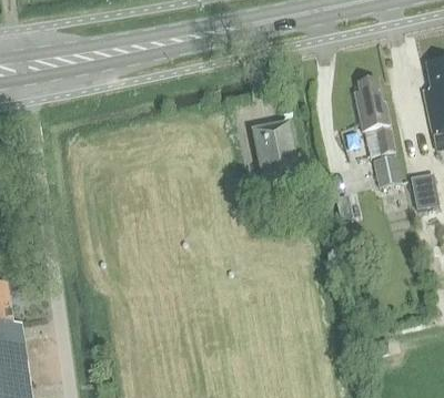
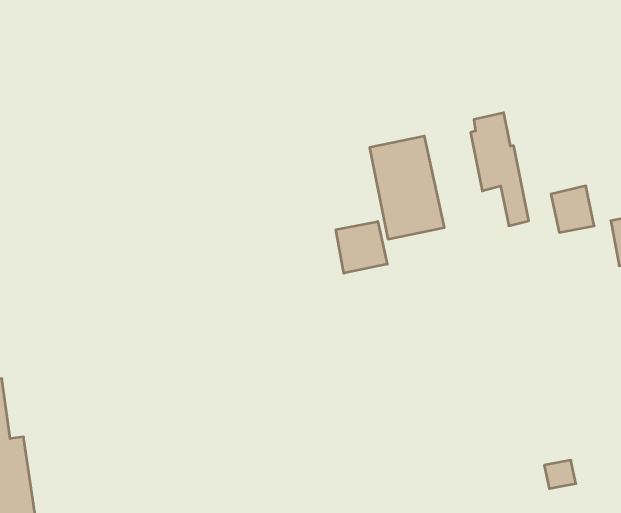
building: [354,78,393,153] -> [471,113,529,226]
building: none -> [336,221,387,273]

